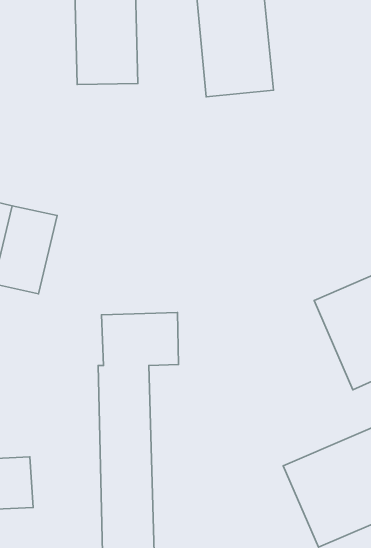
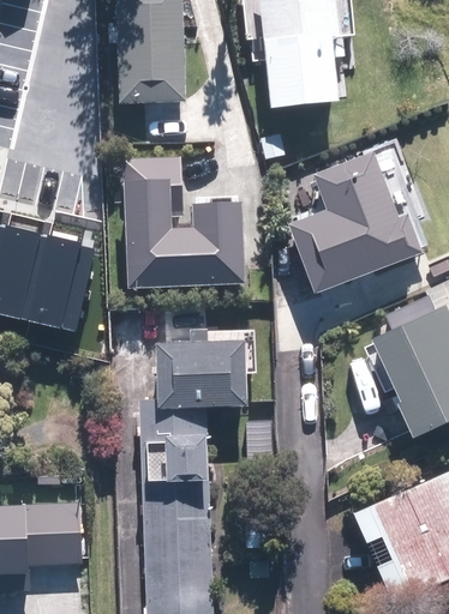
building: none -> [127,155,244,284]
building: none -> [287,161,397,287]

